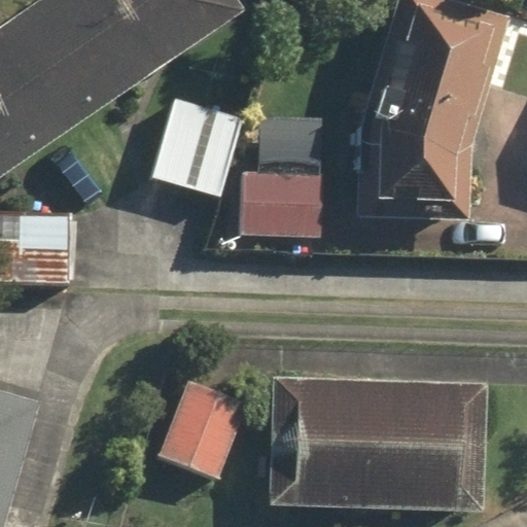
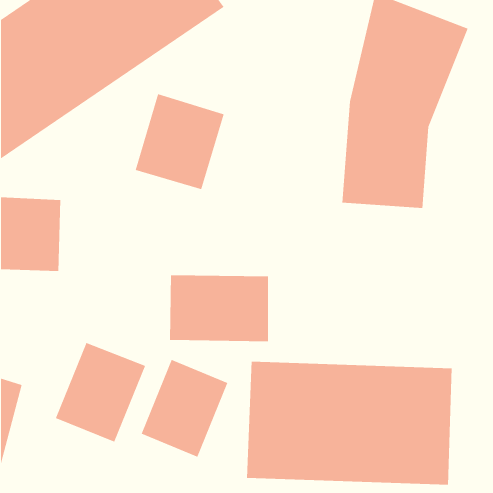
building: [243,167,327,237] -> none
building: none -> [170,275,269,342]
building: none -> [55,342,146,443]

